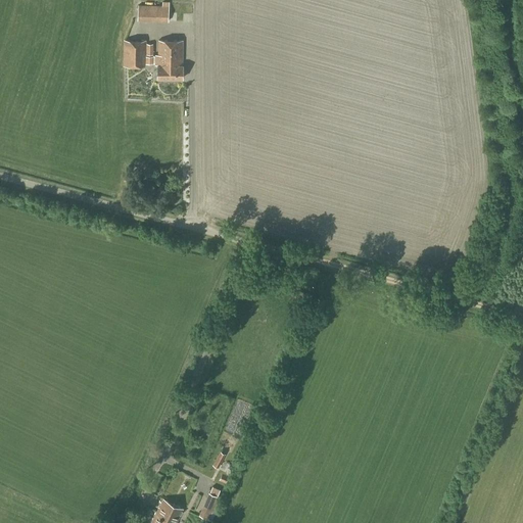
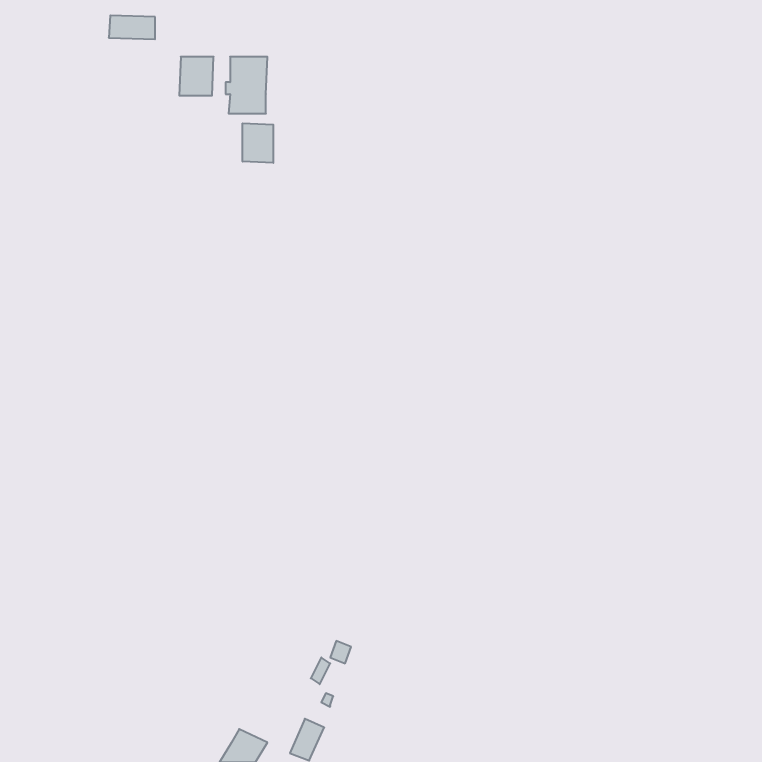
building: [138,4,170,20] -> [109,15,155,39]
building: none -> [243,123,273,163]

